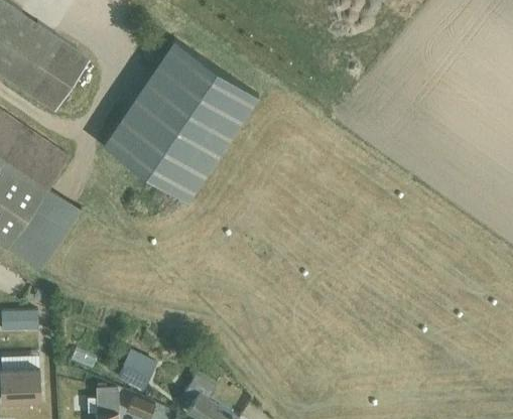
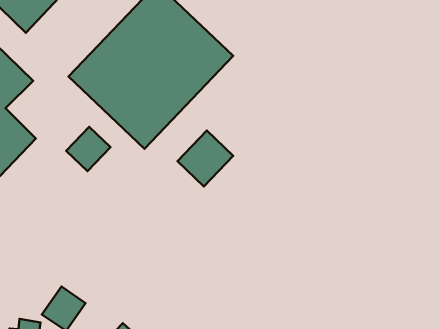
building: none -> [178,131,233,186]
building: none -> [66,127,110,171]

